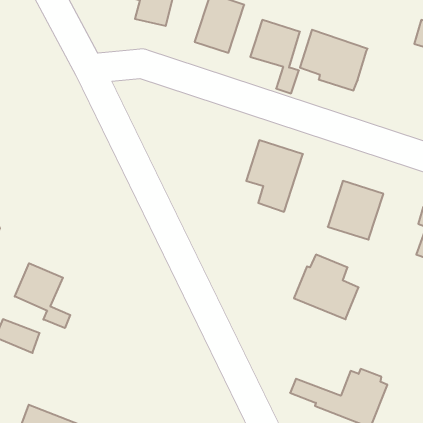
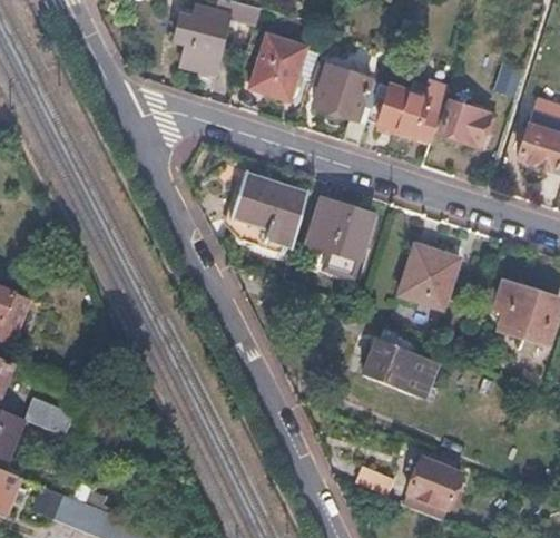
building: none -> [431,99,495,147]
building: none -> [229,174,306,250]
building: [15,263,70,328] -> none

